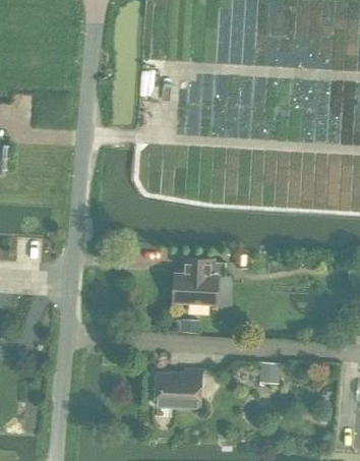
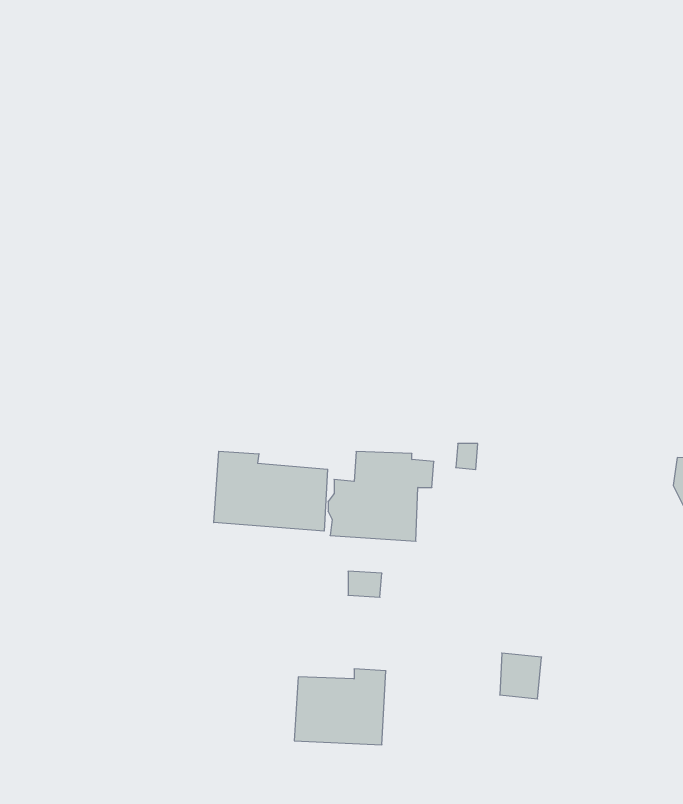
building: none -> [214,451,328,531]

